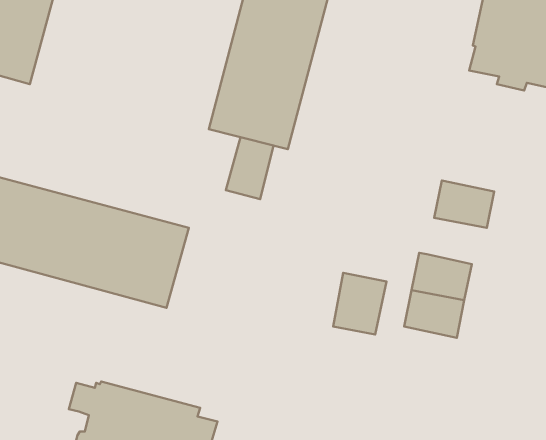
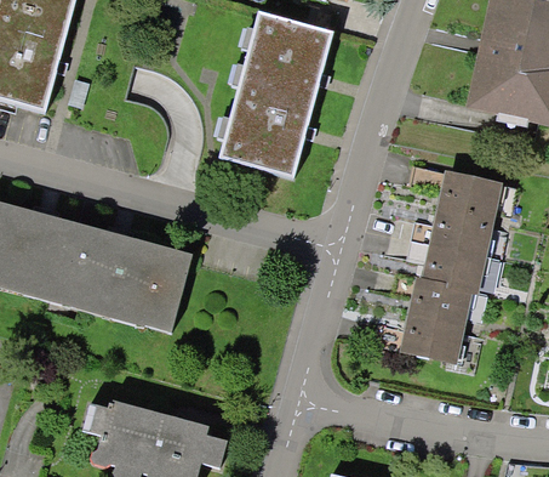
building: [226,137,273,199] -> none
building: none -> [442,172,501,218]
building: none -> [428,244,486,290]
building: [333,273,386,335] -> none

